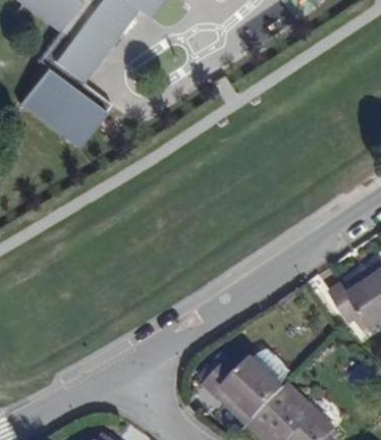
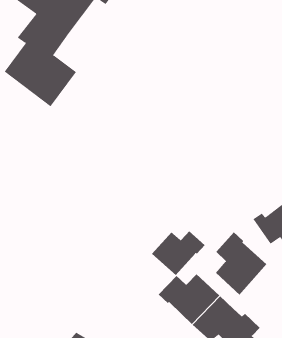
building: none -> [151,230,206,276]
building: none -> [215,231,267,295]

